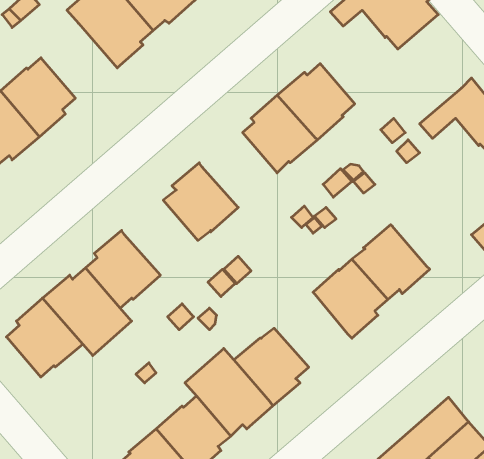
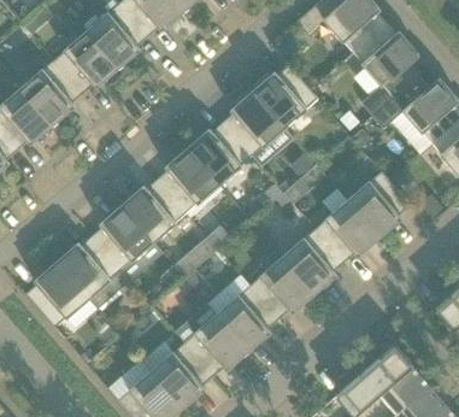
building: none -> [353,23,419,114]
building: none -> [54,30,118,93]
building: none -> [187,122,252,184]
building: none -> [347,171,410,236]
building: none -> [122,178,186,241]
building: none -> [249,256,314,318]

